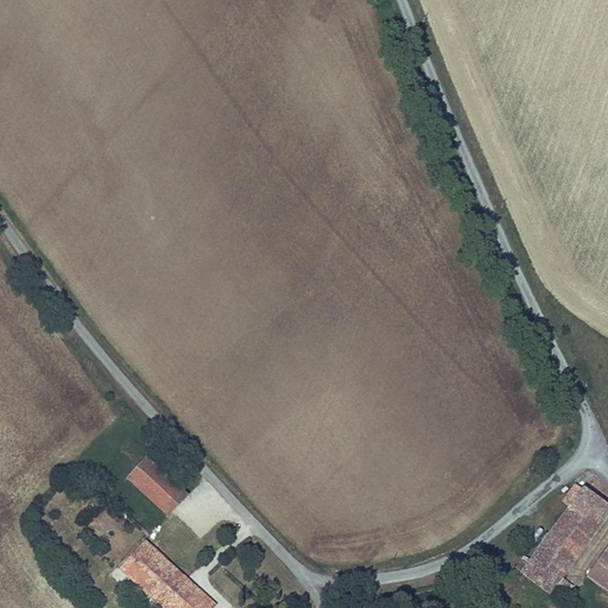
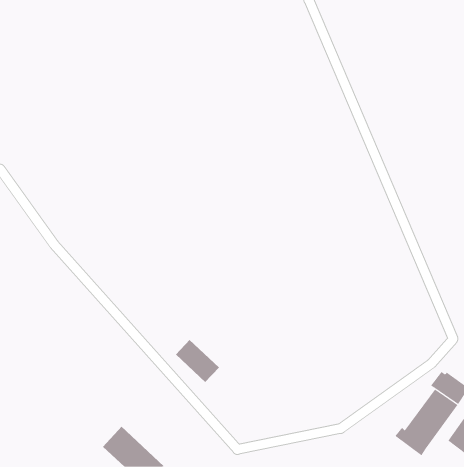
building: [131,458,189,515] -> [175,339,220,383]
building: [122,540,162,581] -> none

